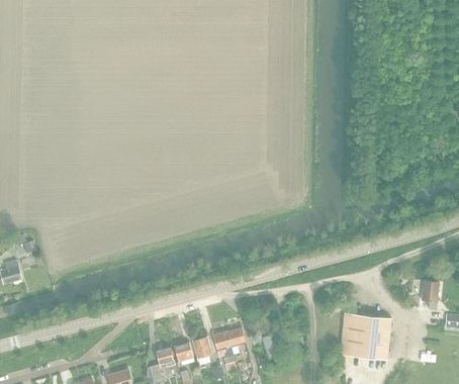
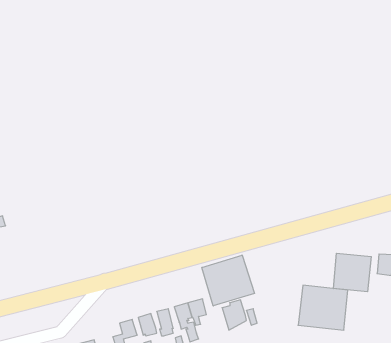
building: none -> [333,253,371,292]
building: none -> [202,255,254,306]

